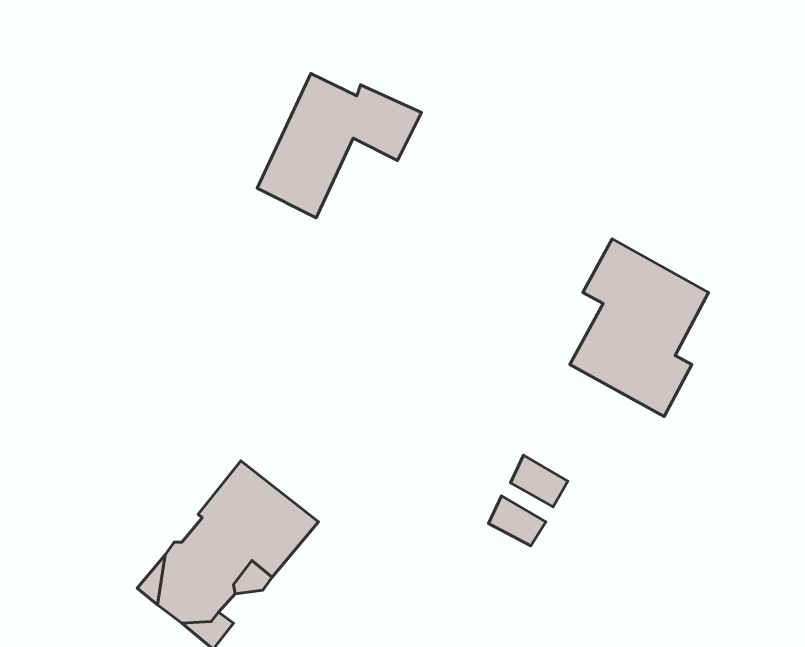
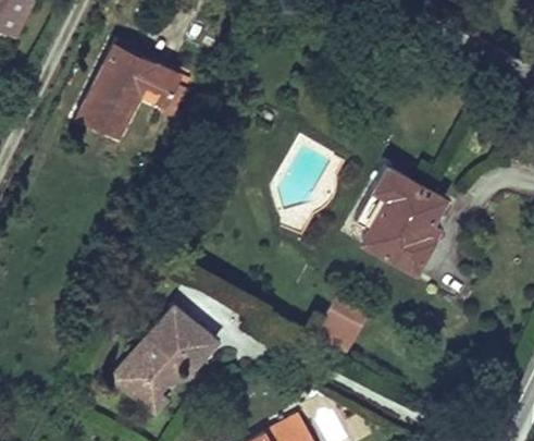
building: [257,74,422,218] -> [76,50,173,135]

